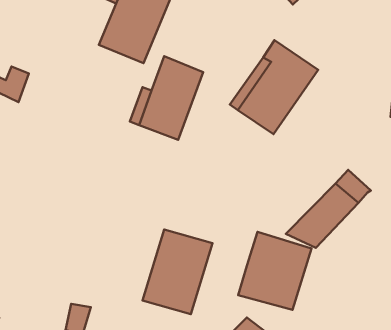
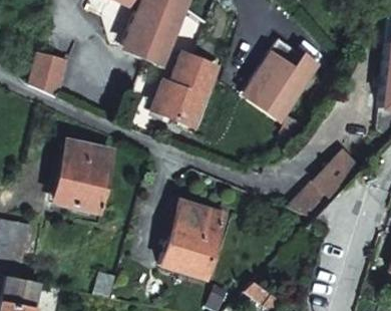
building: none -> [56,141,112,210]
building: [238,232,311,310] -> none

